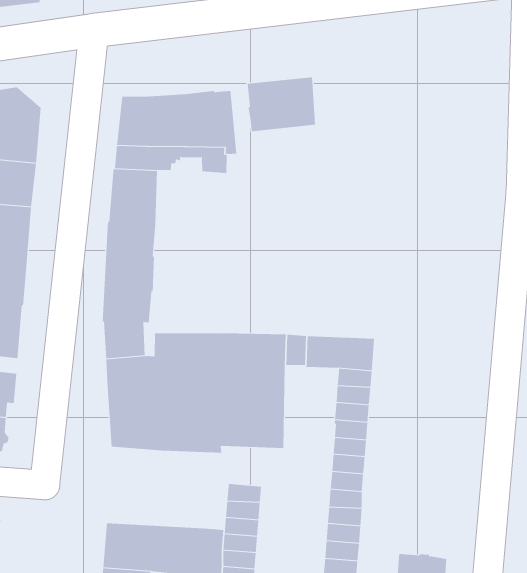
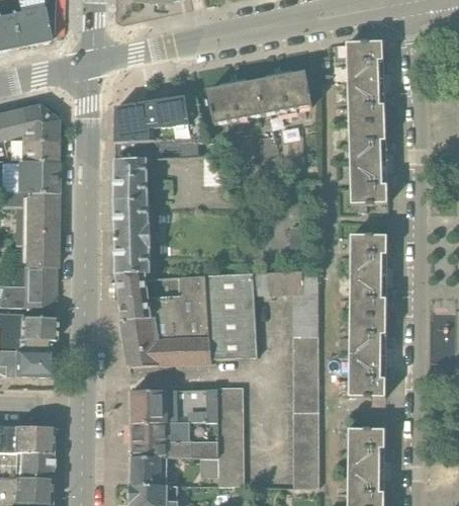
building: none -> [346,40,387,213]
building: none -> [256,71,311,115]
building: none -> [349,234,386,398]
building: none -> [129,390,206,423]

